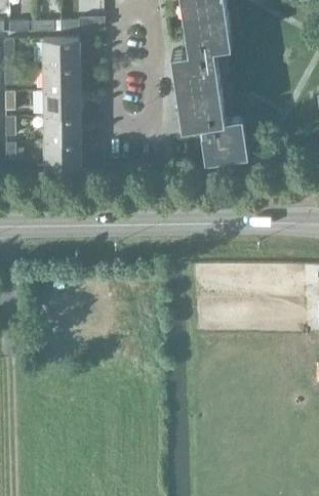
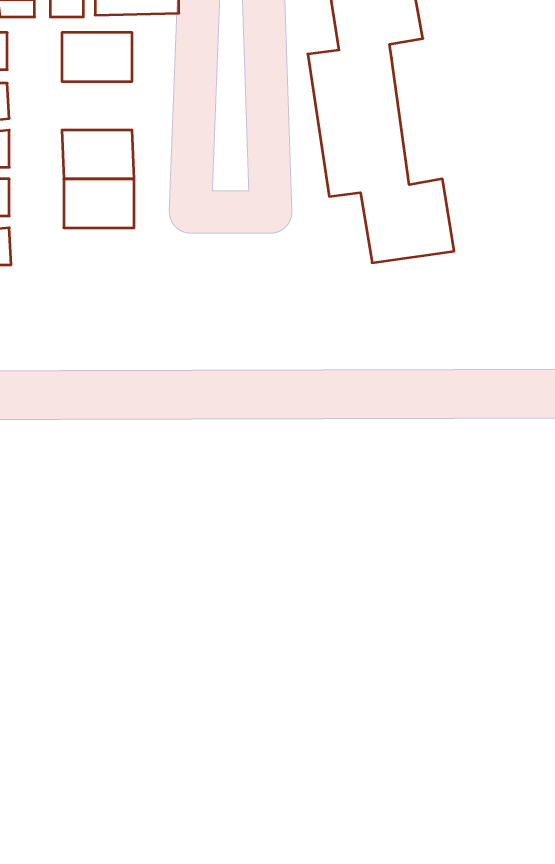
building: [42,65,79,90] -> none
building: [43,141,81,167] -> none

